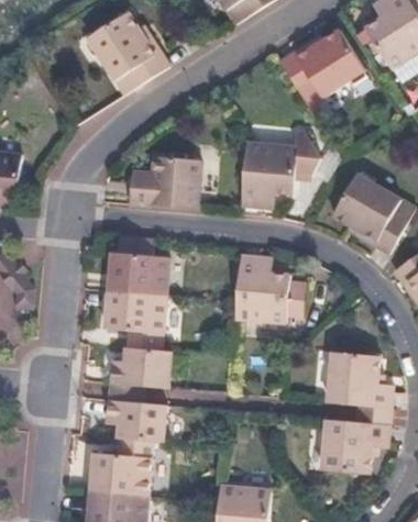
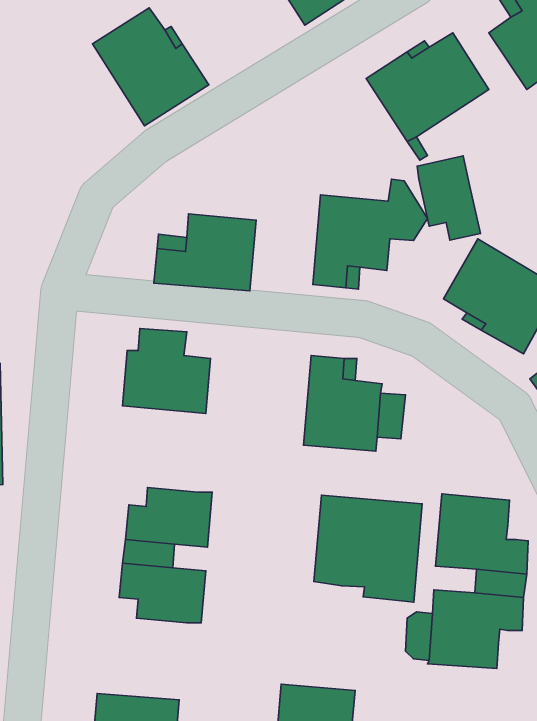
building: none -> [417,156,480,240]
building: [104,290,166,351] -> none
building: none -> [314,495,422,602]
building: [90,438,153,496] -> none

